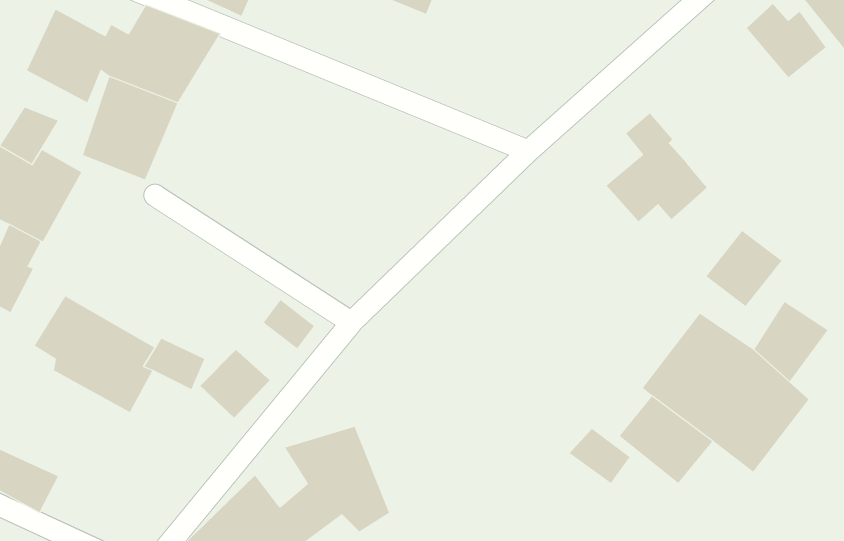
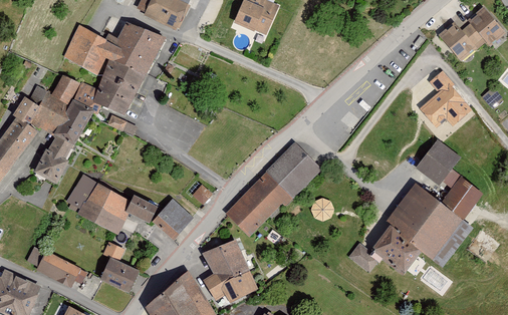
building: [606,112,708,222] -> [419,69,472,126]
building: none -> [225,144,320,236]
building: none -> [99,243,140,294]

